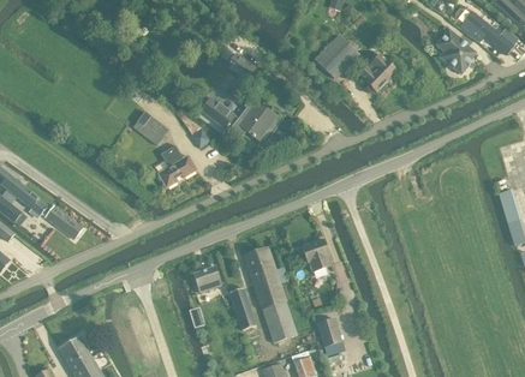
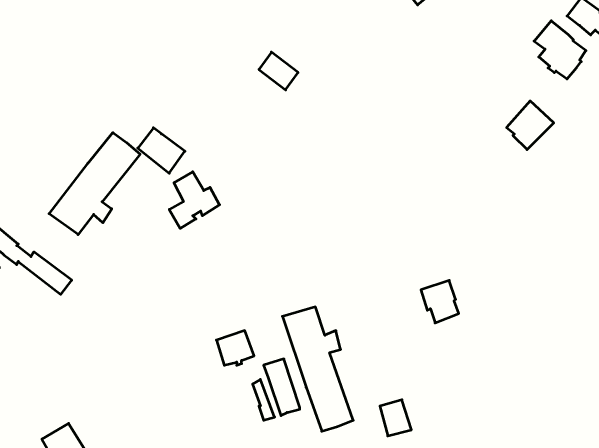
building: [315,35,358,79] -> none
building: [360,54,396,91] -> [507,101,554,150]
building: [201,96,276,139] -> none
building: none -> [49,133,140,235]
building: [302,239,330,271] -> [421,280,459,323]

